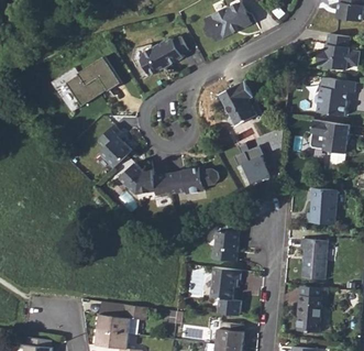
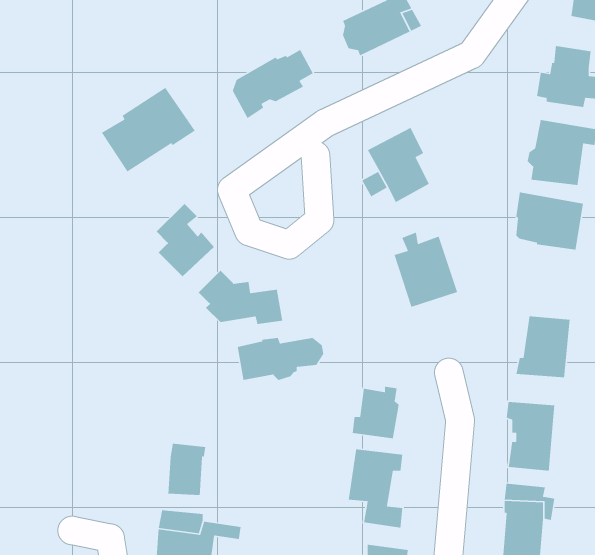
building: [168,169,219,195] -> [237,337,324,381]
building: none -> [167,443,206,496]

